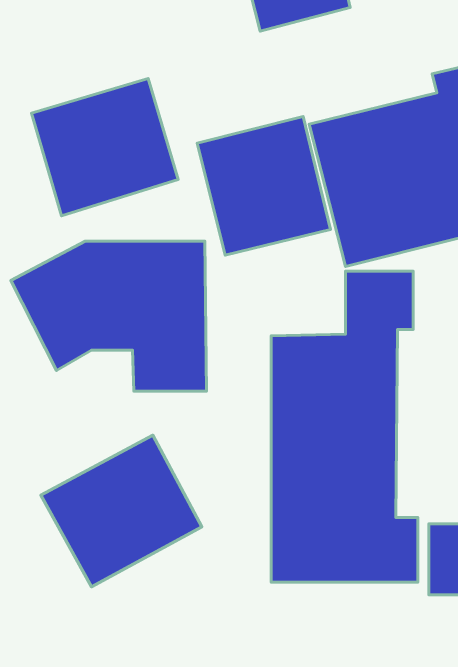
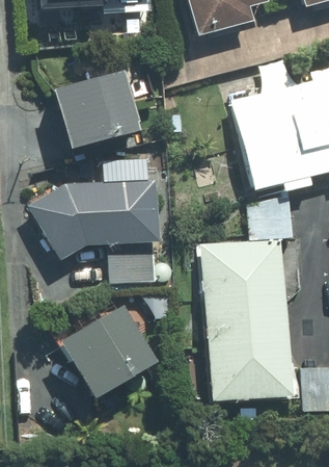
building: [197,117,330,255] -> none

